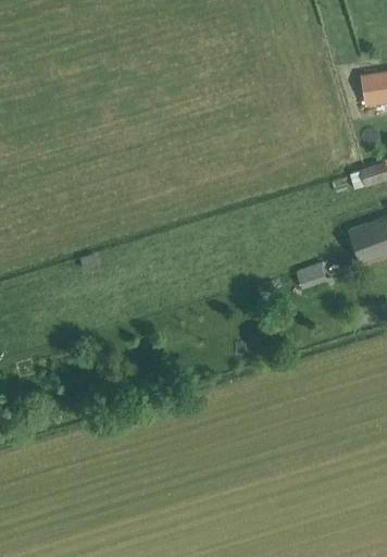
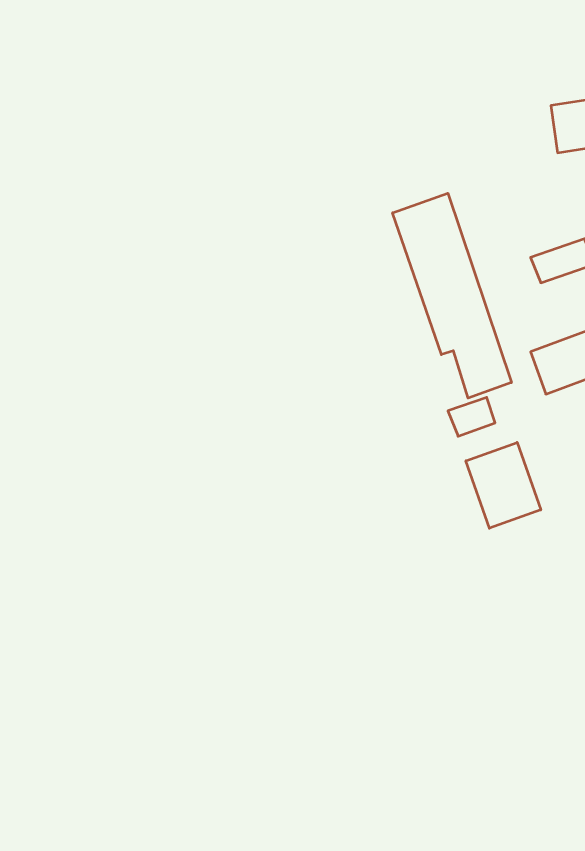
building: none -> [393,193,511,398]
building: none -> [466,442,541,528]

